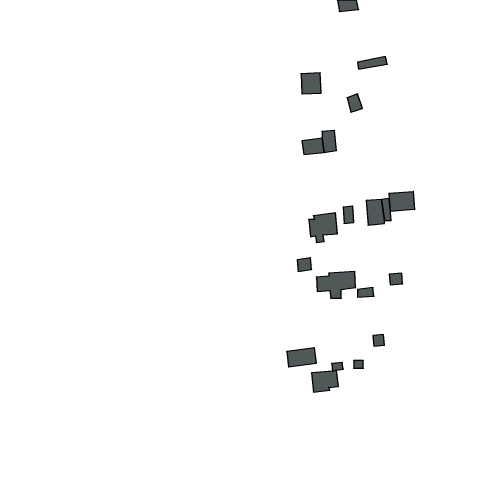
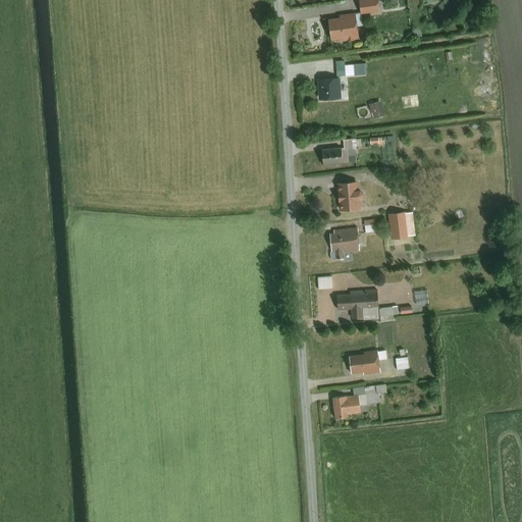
building: none -> [328,13,358,42]
building: none -> [337,181,365,212]
building: [389,191,415,212] -> none
building: [287,348,316,367] -> [350,353,381,373]

